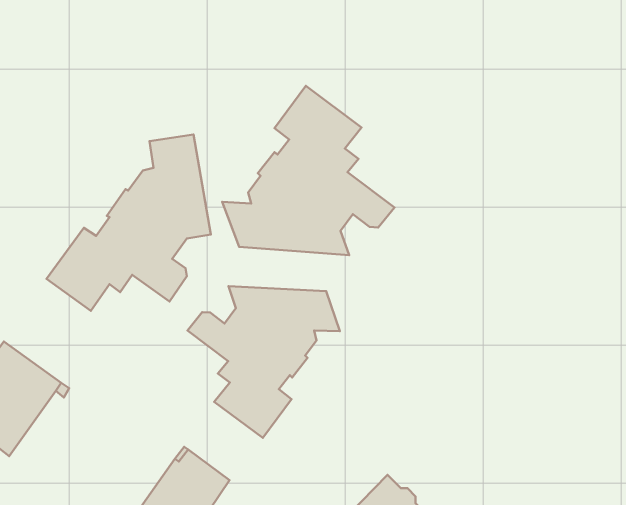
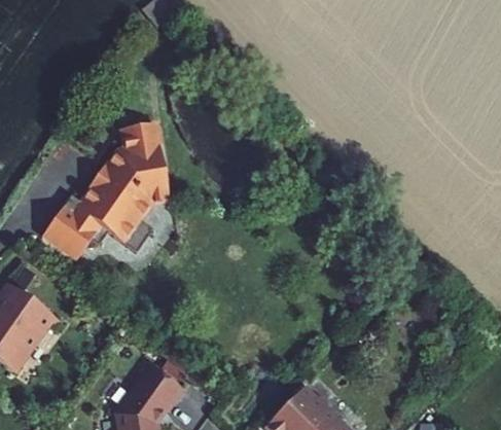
building: [222,86,394,255] -> none
building: [187,286,340,438] -> none

